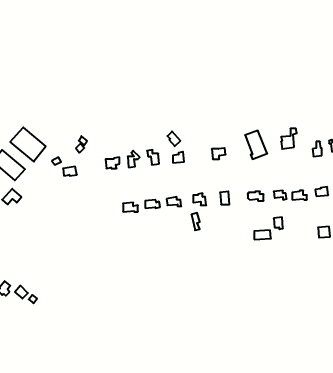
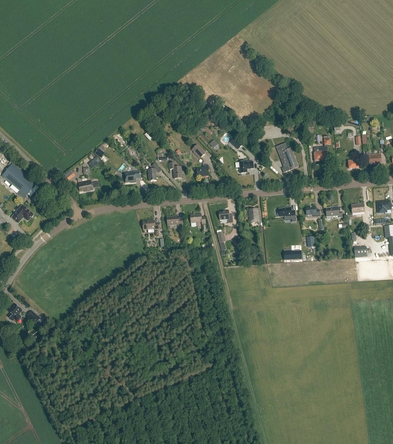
building: [10,127,46,162] -> none

